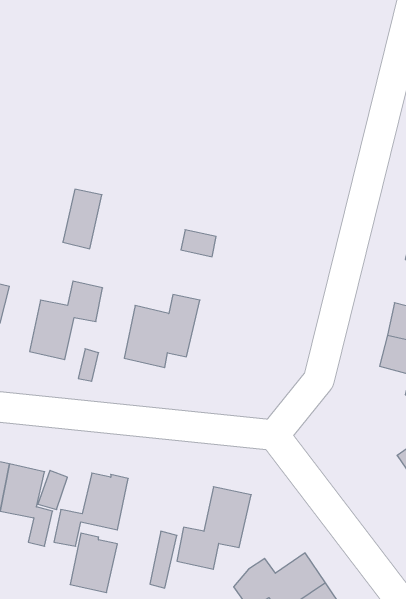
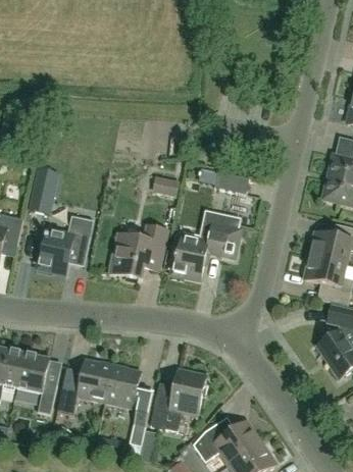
building: [63,189,102,249] -> [30,169,59,214]
building: none -> [214,170,250,194]
building: none -> [173,210,241,279]
building: [70,533,117,593] -> [105,363,141,408]

